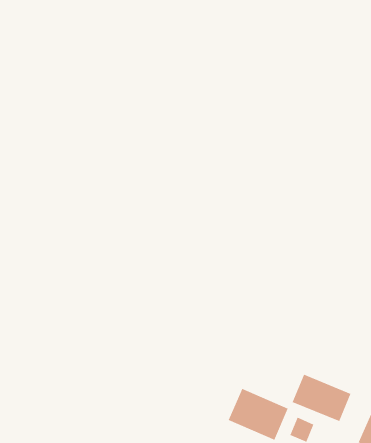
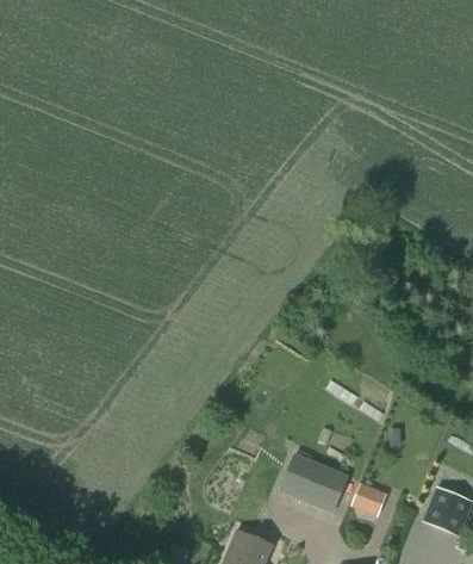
building: [292,374,351,422] -> none

